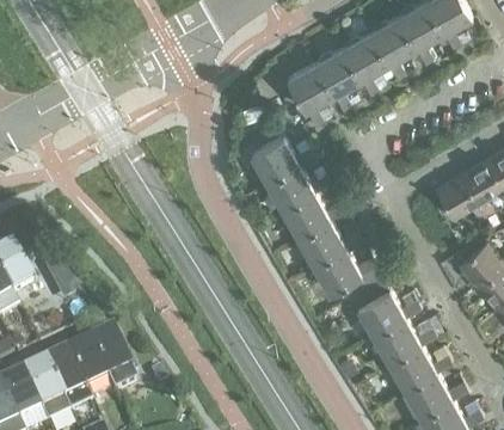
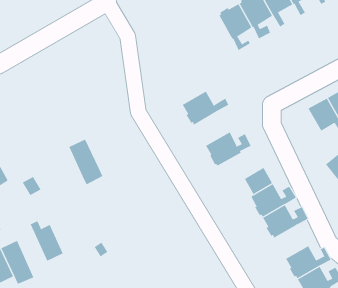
building: [284,62,332,125] -> none
building: [248,135,313,183] -> none
building: [281,191,344,238] -> none
building: [313,247,375,294] -> none
building: [88,332,135,394] -> [69,139,103,185]
building: [388,344,450,389] -> none
building: [39,349,90,414] -> none

